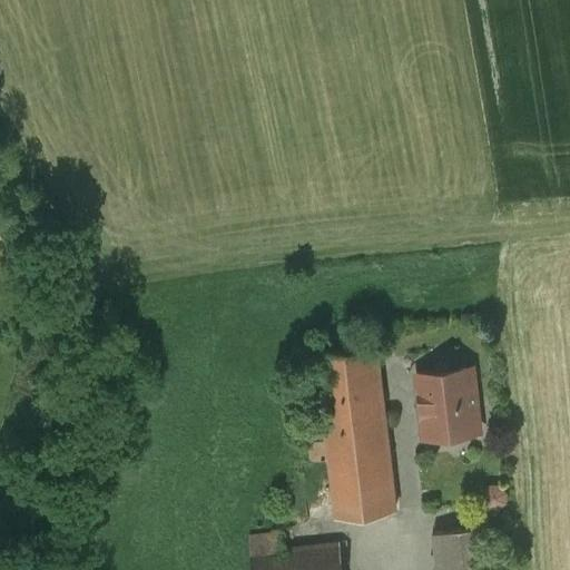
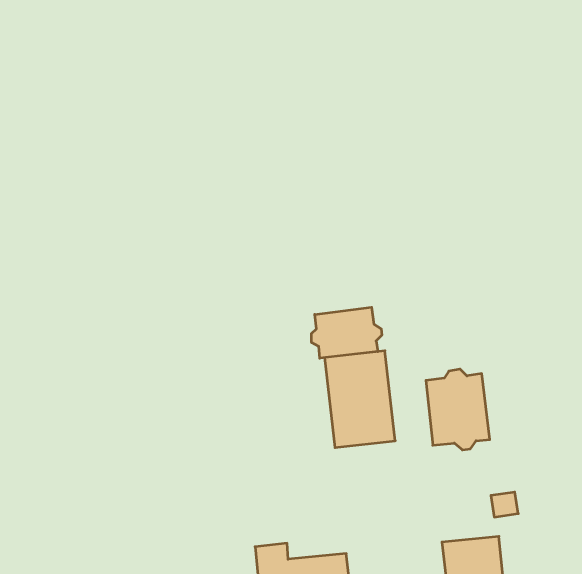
building: none -> [311,307,382,358]
building: [308,439,395,522] -> none

